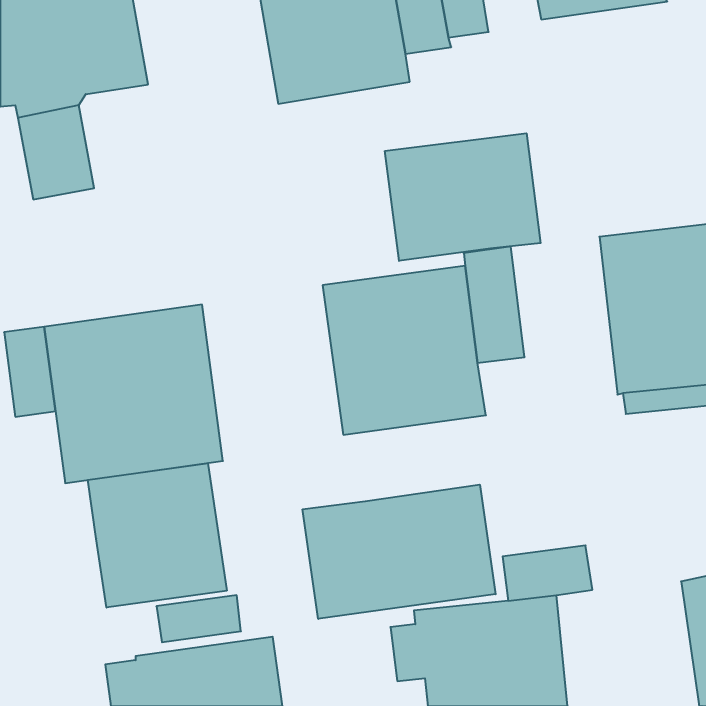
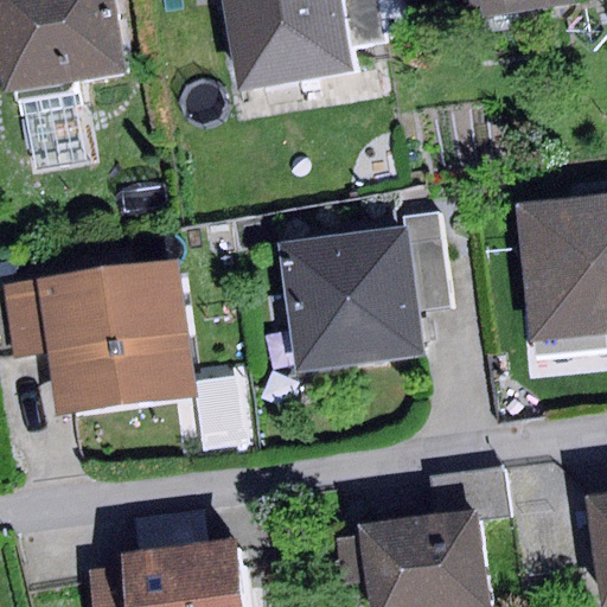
building: [385,133,541,261] -> none
building: [88,463,227,608] -> none
building: [303,485,496,619] -> none

